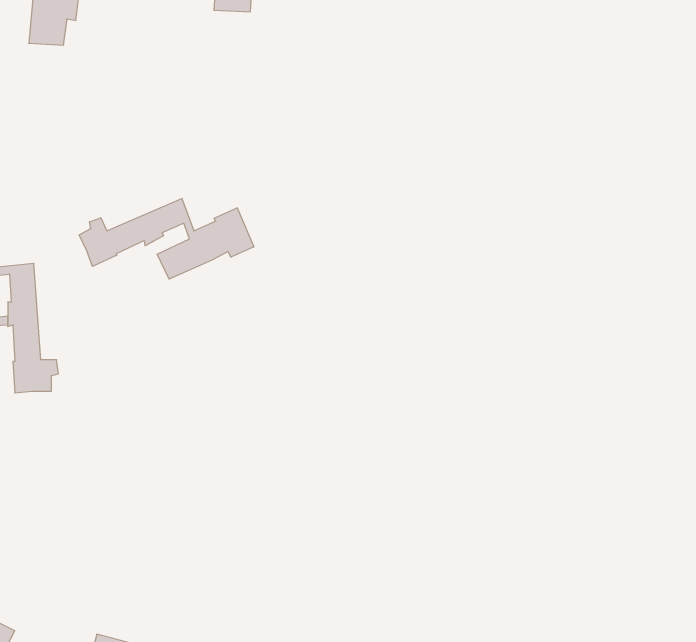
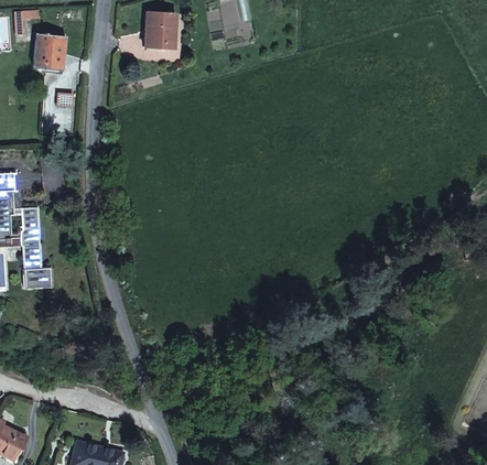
building: [79,198,254,279] -> none

